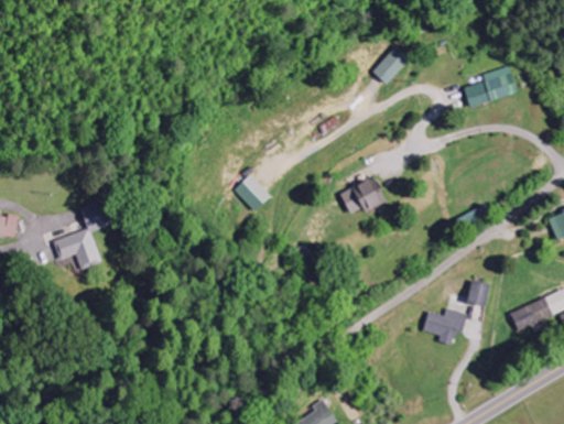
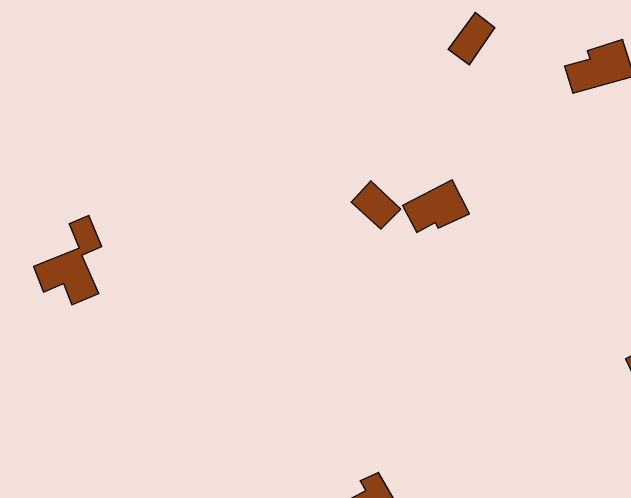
building: [232,174,271,211] -> [351,181,401,229]
building: [468,282,490,306] -> none
building: [423,308,467,346] -> none

